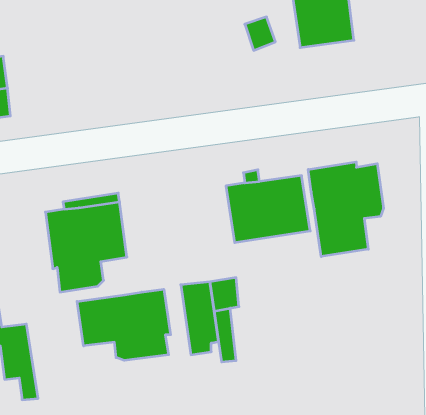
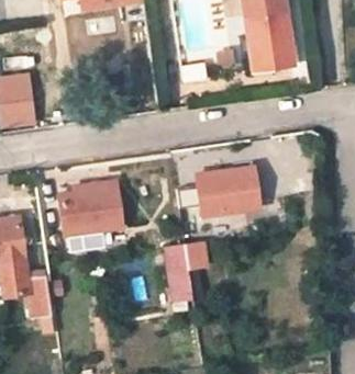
building: [308,162,383,257] -> none
building: [77,289,171,360] -> none

